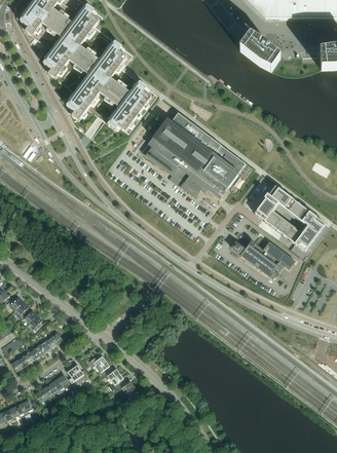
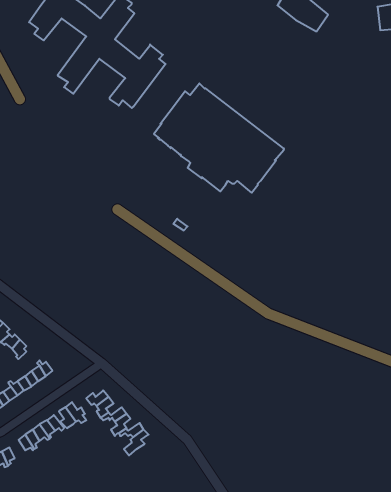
building: [255,185,326,251] -> none
building: [231,239,295,279] -> none

